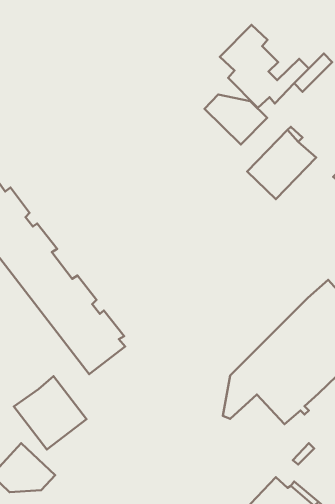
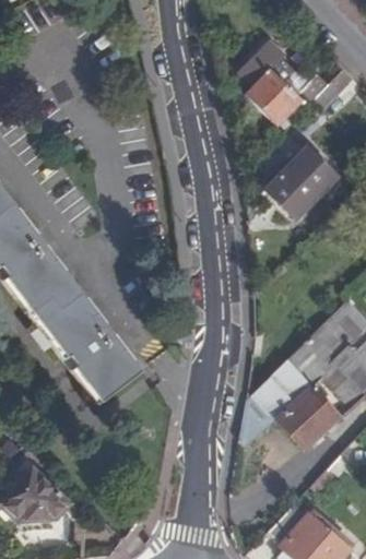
building: [204,94,267,144] -> none
building: [14,376,87,450] -> none

